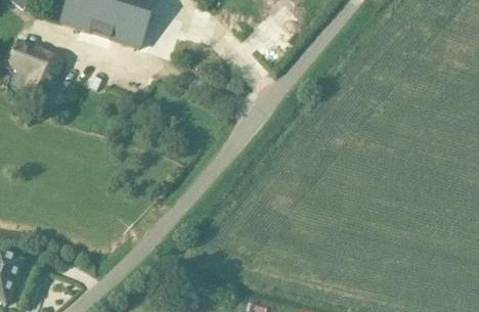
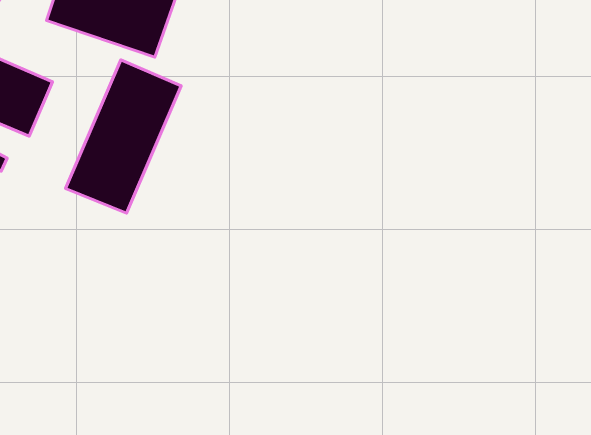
building: none -> [65,60,181,213]

